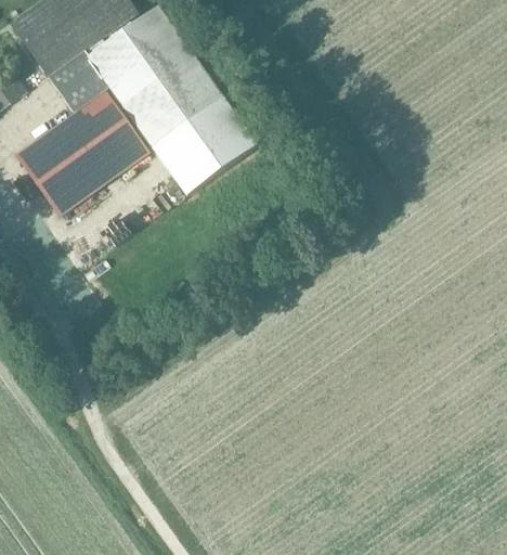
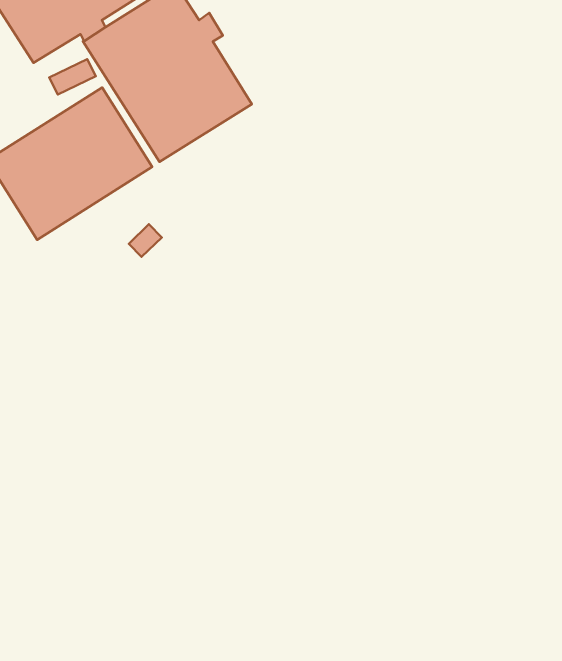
building: [153,96,256,193] -> none

